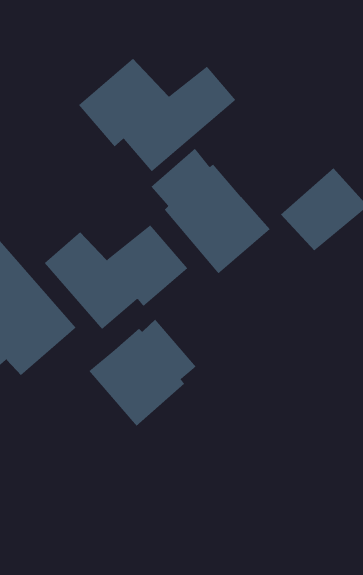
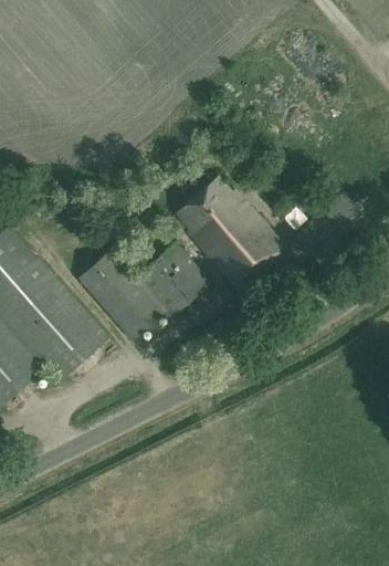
building: [78,58,236,172] -> none
building: [88,319,196,426] -> none

